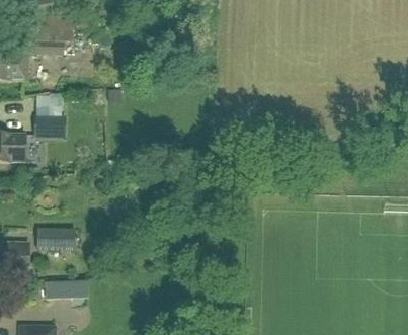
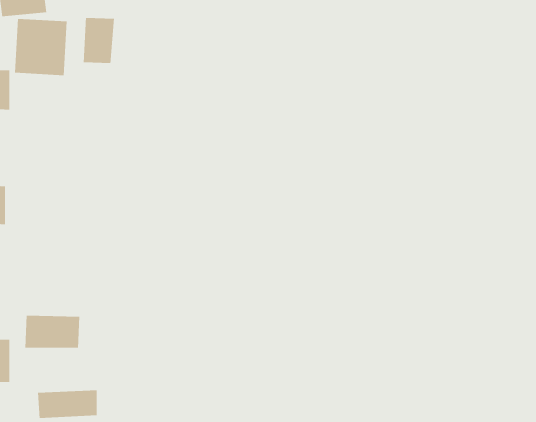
building: none -> [83,17,114,64]
building: [34,93,62,137] -> none

